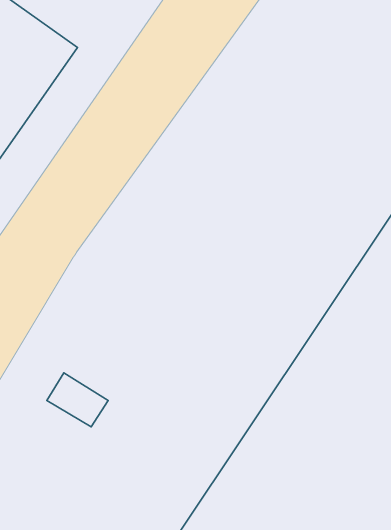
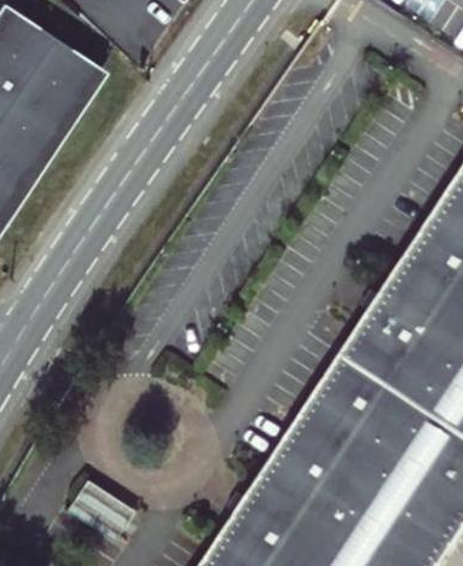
building: [47,373,108,427] -> [73,480,134,535]

